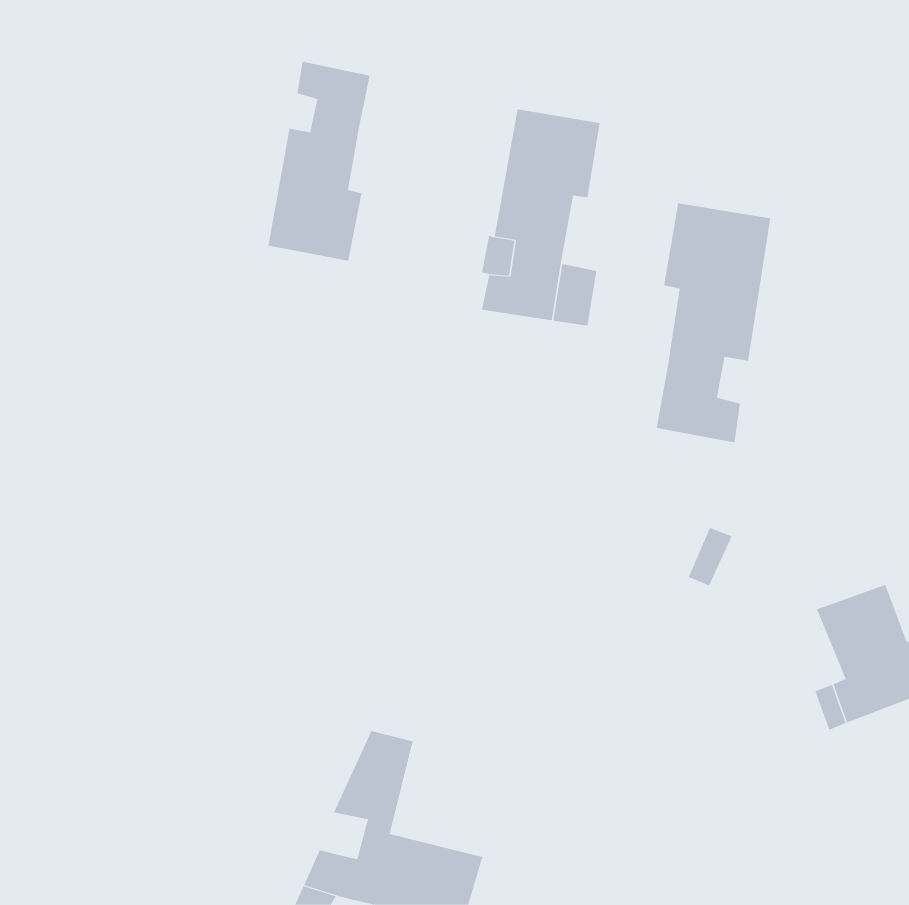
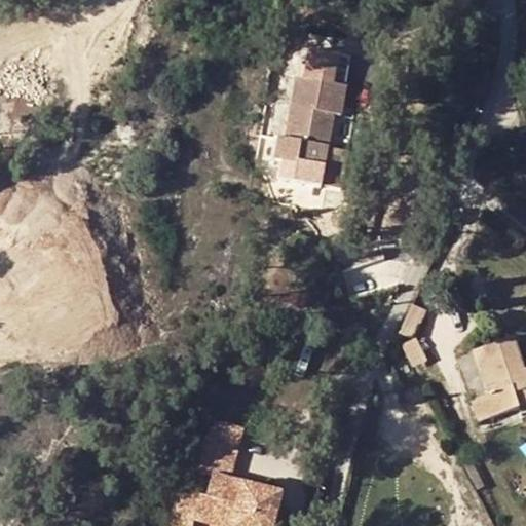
building: [268,61,370,261] -> none
building: [656,202,771,443] -> none

